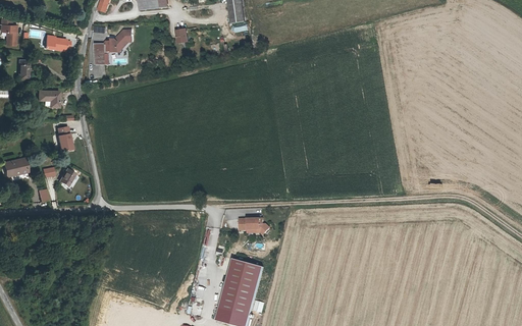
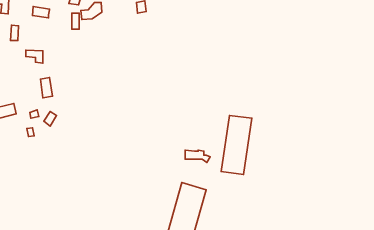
building: none -> [221,115,252,174]

